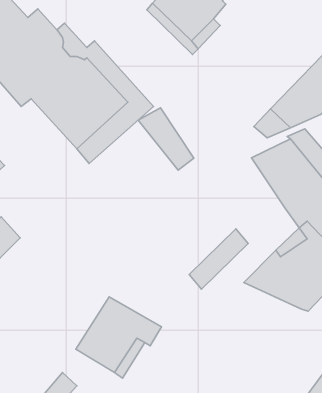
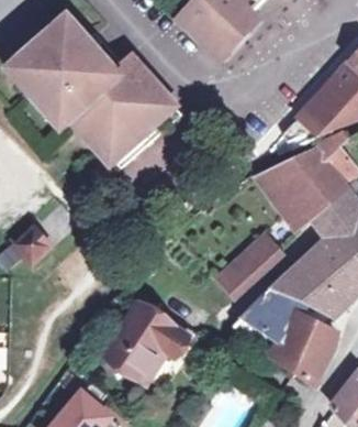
building: [138,108,194,170] -> [257,165,312,227]
building: none -> [233,288,337,383]

